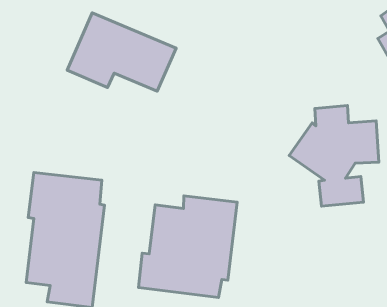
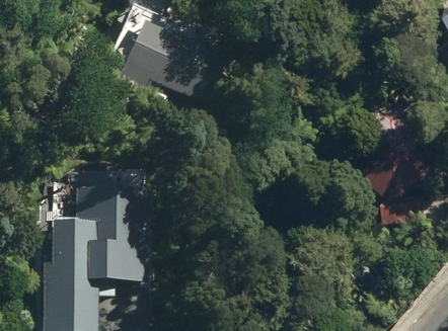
building: [138,196,237,298] -> none

